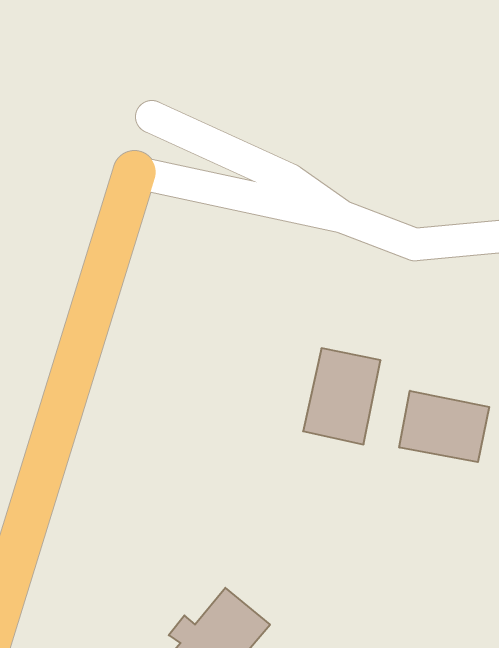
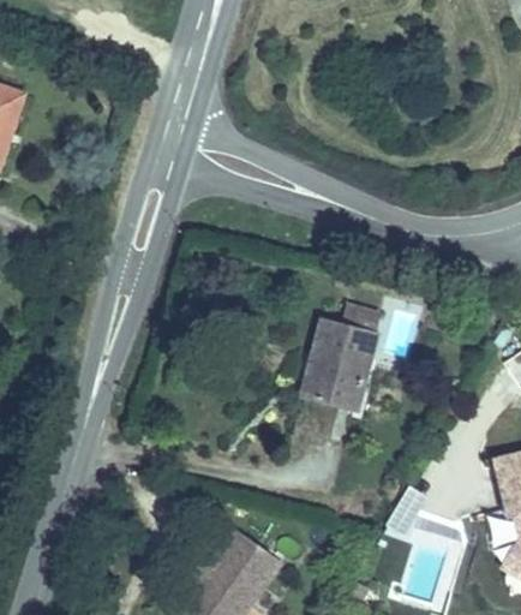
building: [399,391,489,462] -> none

